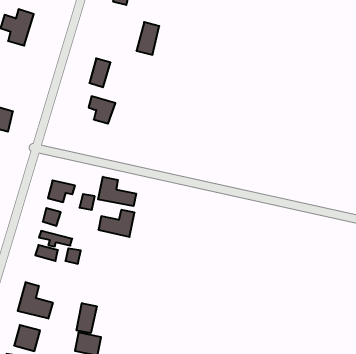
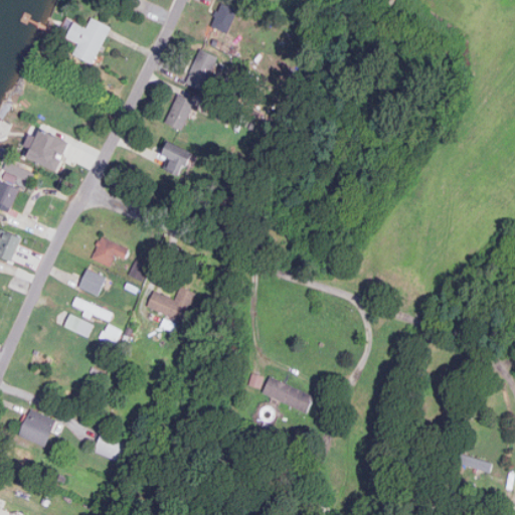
building: [136,22,159,55] -> [184,48,217,91]
building: [98,177,136,206] -> none
building: none -> [262,376,314,412]
building: [18,282,53,319] -> none
building: [77,303,97,333] -> none

